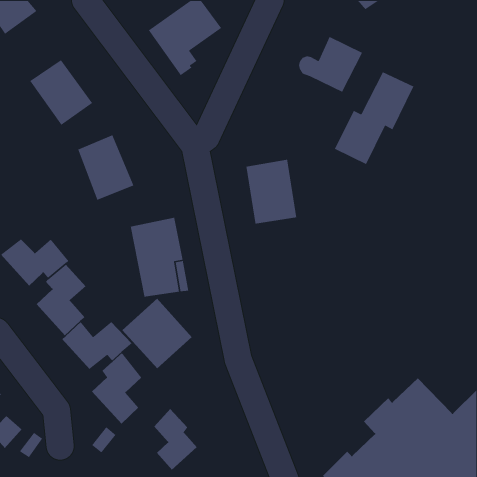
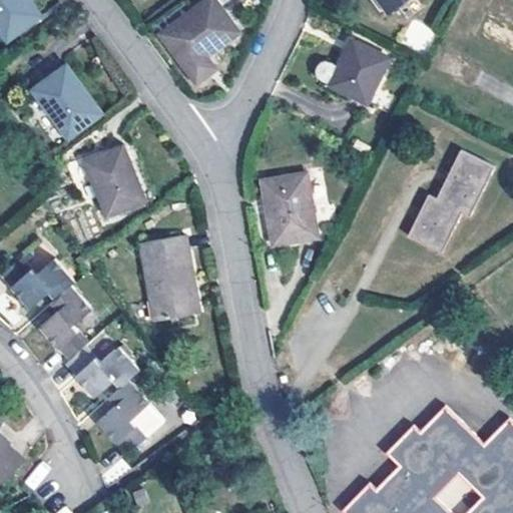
building: [334,71,415,165] -> [406,153,492,253]
building: [121,298,192,369] -> none
building: [154,408,197,470] -> none

